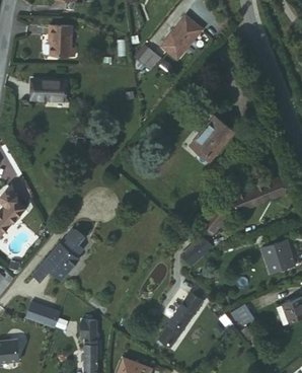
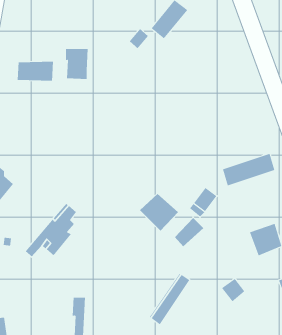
building: [46,25,69,57] -> [65,48,88,79]
building: [185,124,232,168] -> none
building: none -> [139,193,179,232]
building: [27,302,59,325] -> none

